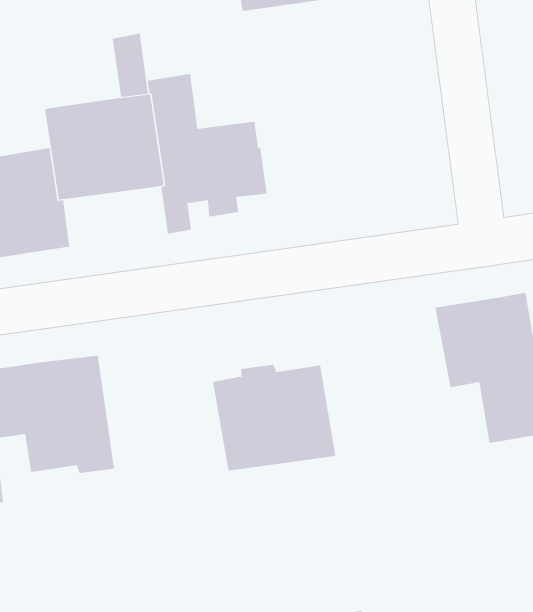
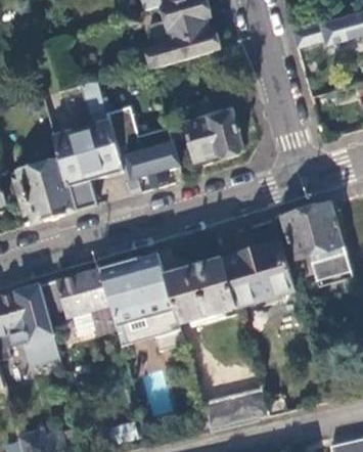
building: none -> [185,109,243,160]
building: none -> [100,250,186,349]
building: none -> [223,240,296,305]

